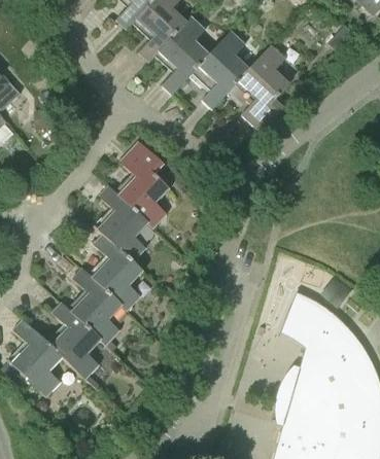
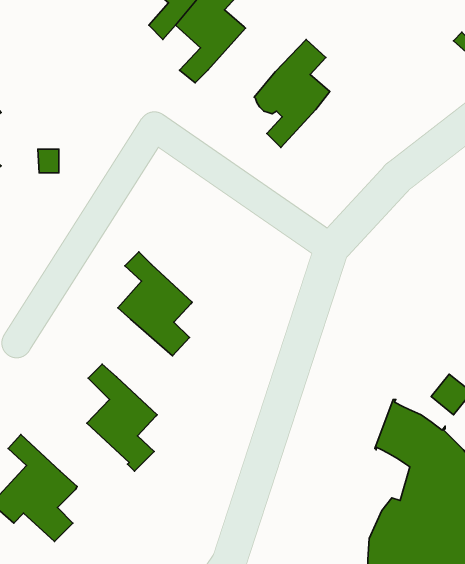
building: [160,14,209,95] -> none
building: [239,44,290,132] -> none
building: [118,140,170,228] -> none
building: [93,235,144,312] -> none
building: [51,302,102,381] -> none

